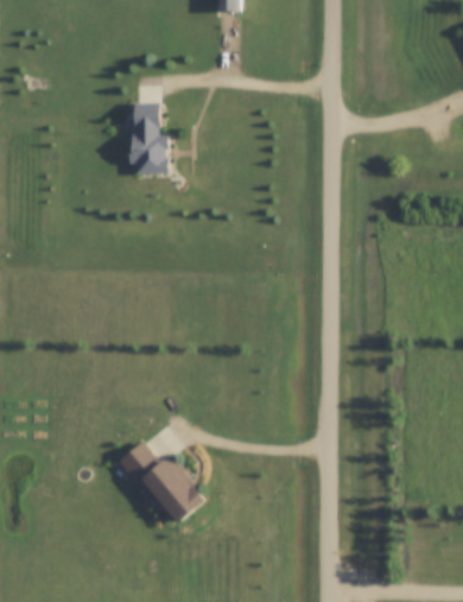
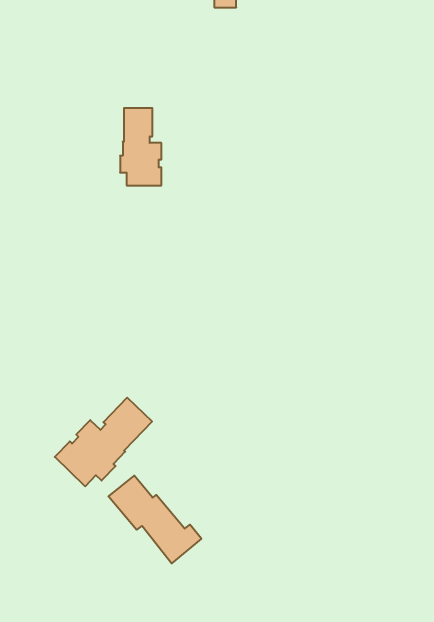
building: none -> [55,398,152,486]

